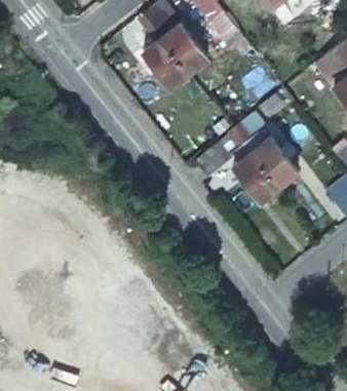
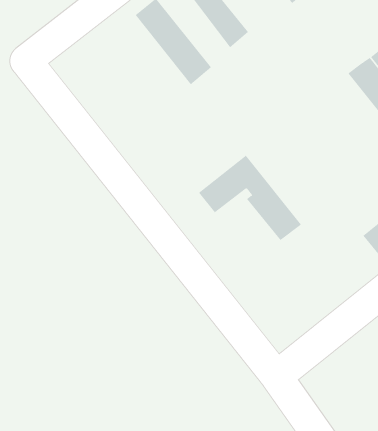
building: [139,17,189,88] -> none
building: [234,125,298,187] -> none

